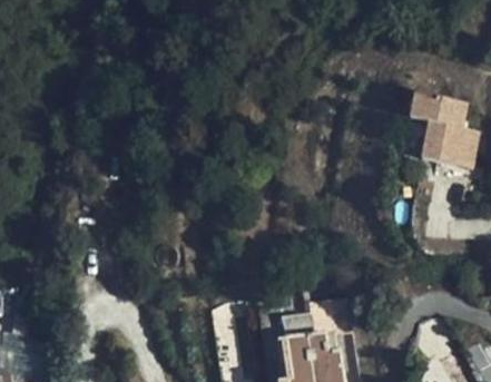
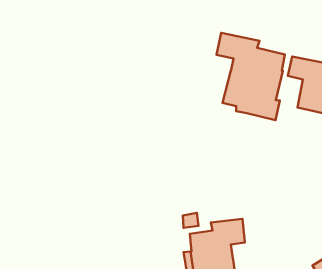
building: none -> [217,33,285,120]

